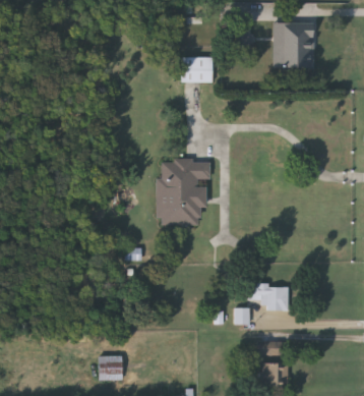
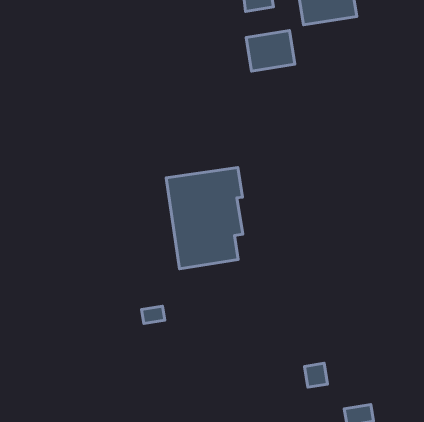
building: [181,56,213,80] -> [246,31,295,71]
building: [248,285,288,309] -> none

